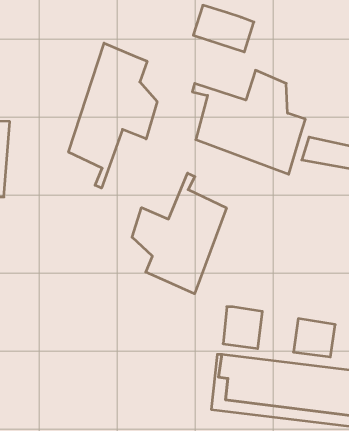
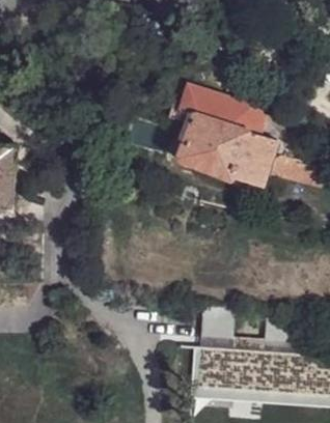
building: [193,5,254,52] -> [178,85,231,125]
building: [69,43,157,188] -> none
building: [132,173,226,294] -> none

